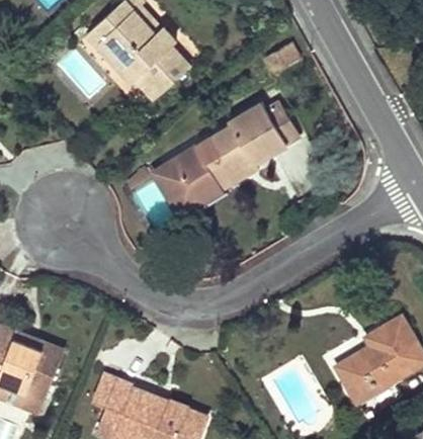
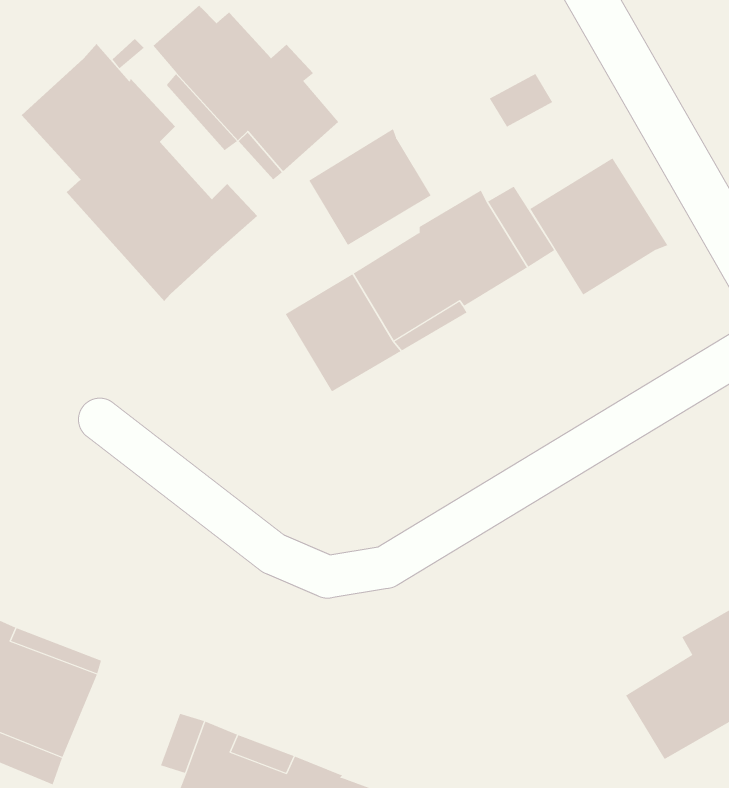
building: none -> [21,43,258,302]
building: none -> [308,128,431,246]
building: none -> [529,157,668,295]

